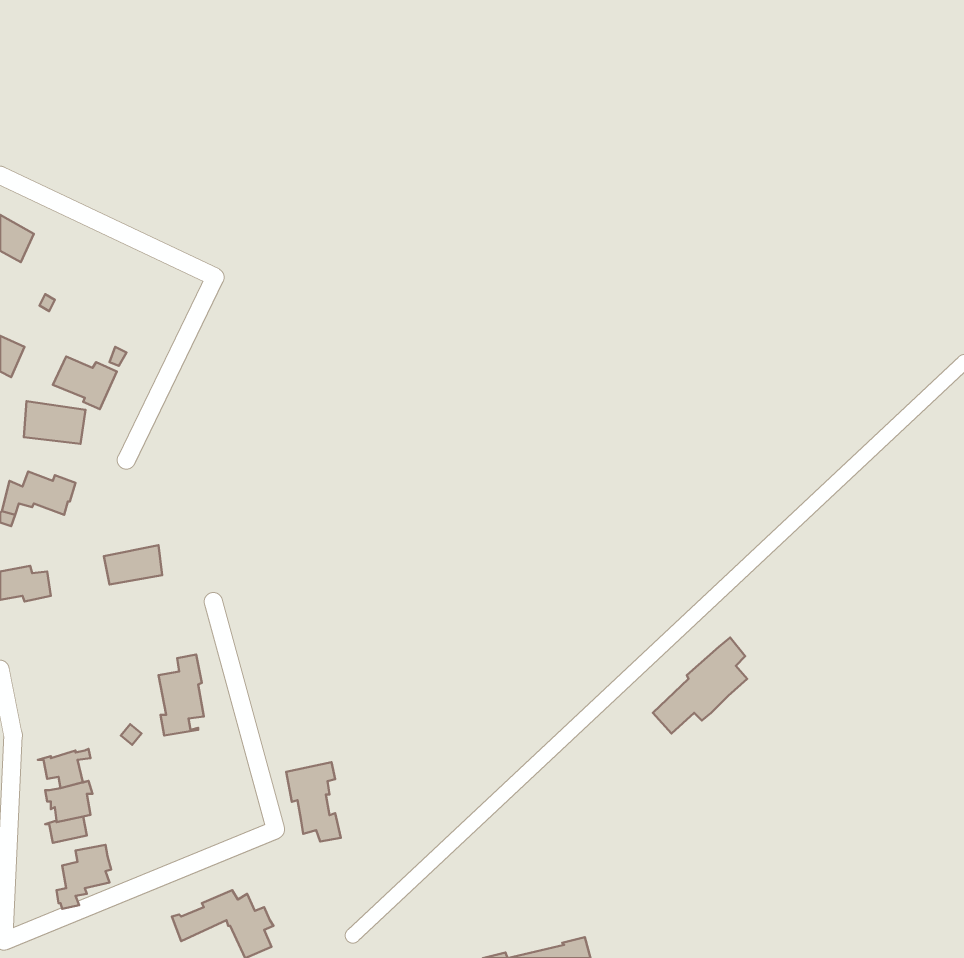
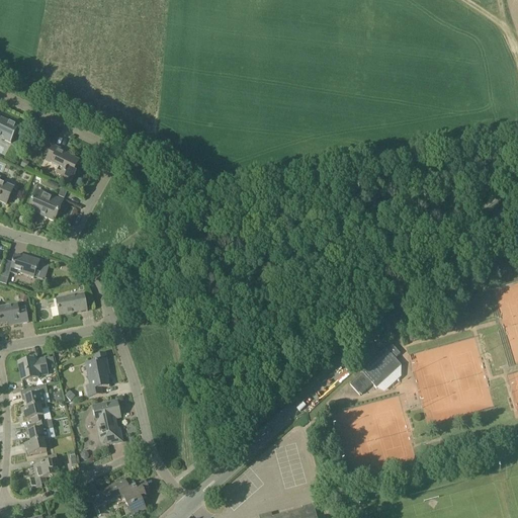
building: none -> [46,144,79,184]
building: [24,401,85,444] -> none
building: none -> [18,358,48,379]
building: none -> [20,383,48,407]
building: [286,762,341,842] -> [93,400,122,442]

